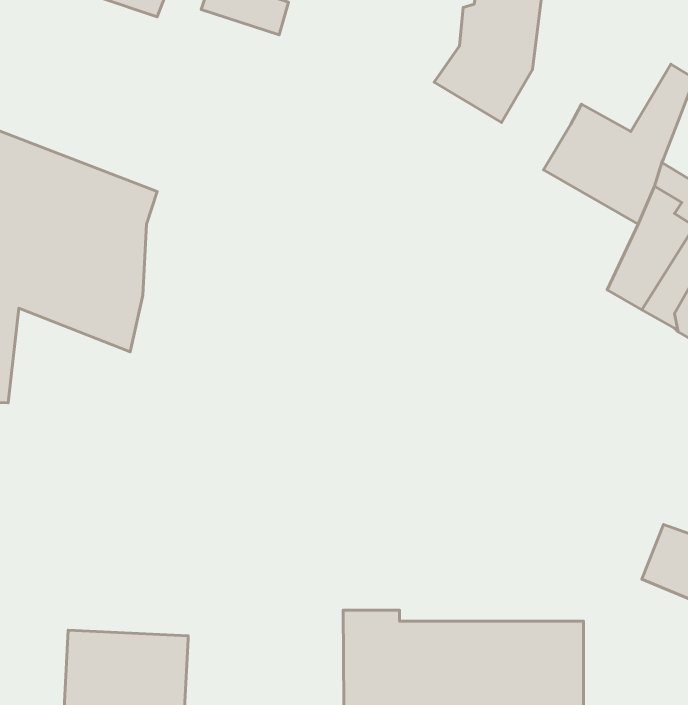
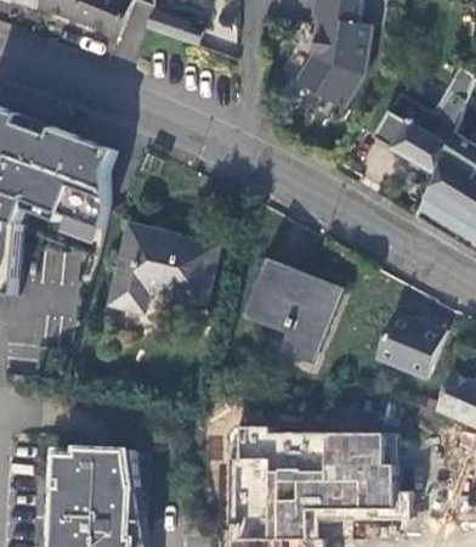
building: none -> [106,221,220,323]
building: none -> [238,255,342,365]
building: none -> [376,315,441,376]

